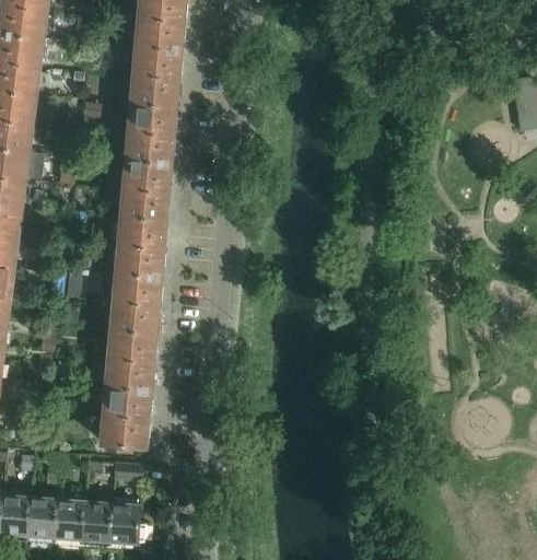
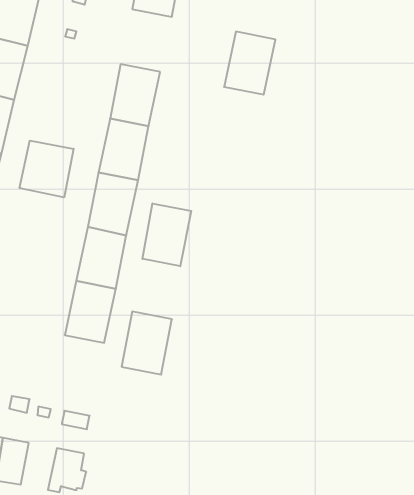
building: [132,43,179,104] -> [224,32,275,95]
building: none -> [20,141,74,197]
building: none -> [142,203,191,266]
building: [103,385,149,446] -> [122,311,172,375]
building: [80,500,113,546] -> none

